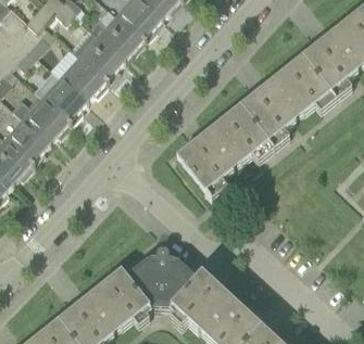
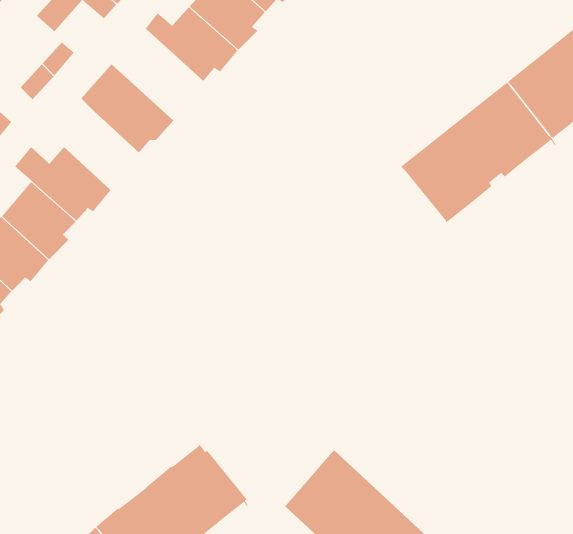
building: [70,26,125,81] -> none
building: [42,76,87,123] -> none
building: [178,109,272,193] -> none
building: [127,250,199,311] -> none

